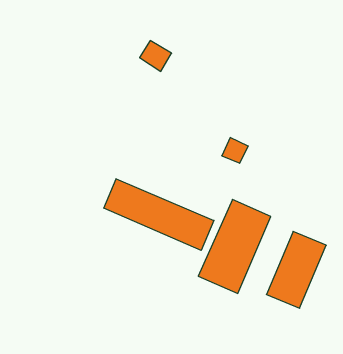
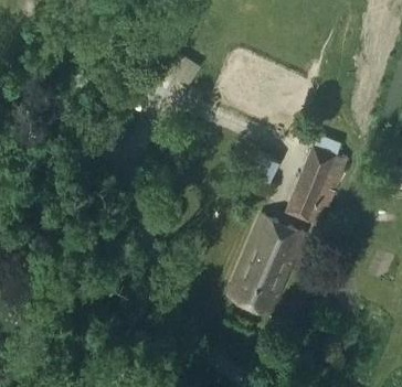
building: [104,179,214,250] -> none
building: [266,231,326,308] -> [284,146,346,225]

